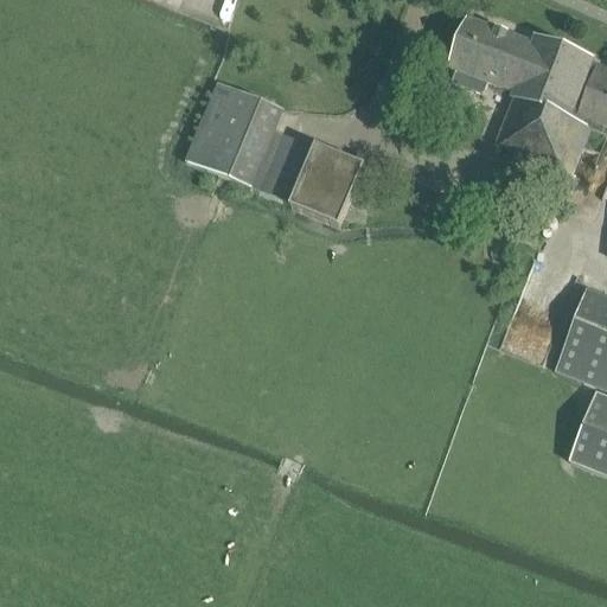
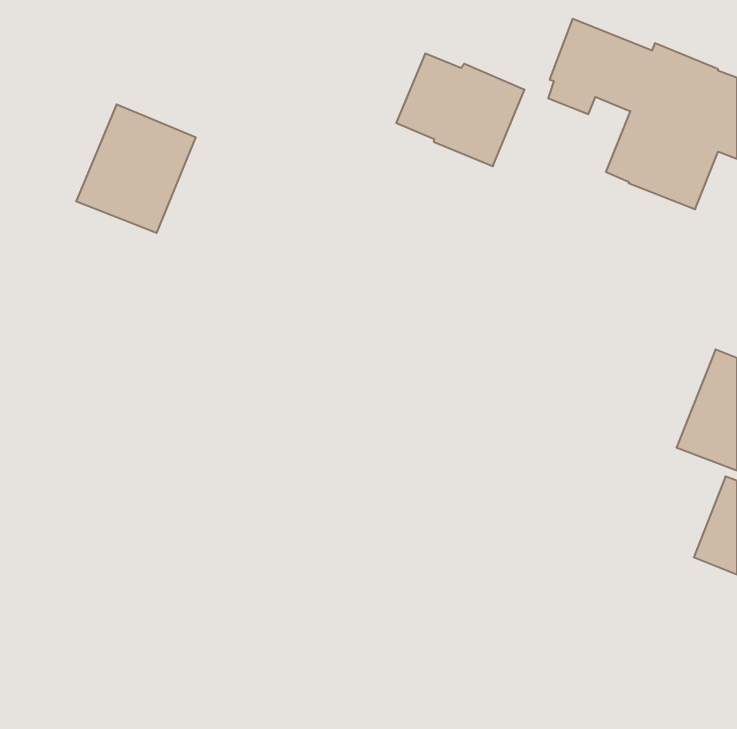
building: [186,79,285,185] -> [76,104,196,233]
building: [261,132,366,224] -> [396,54,525,166]

